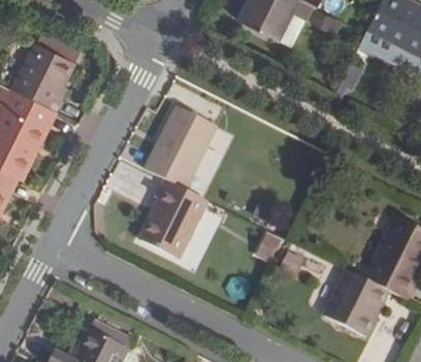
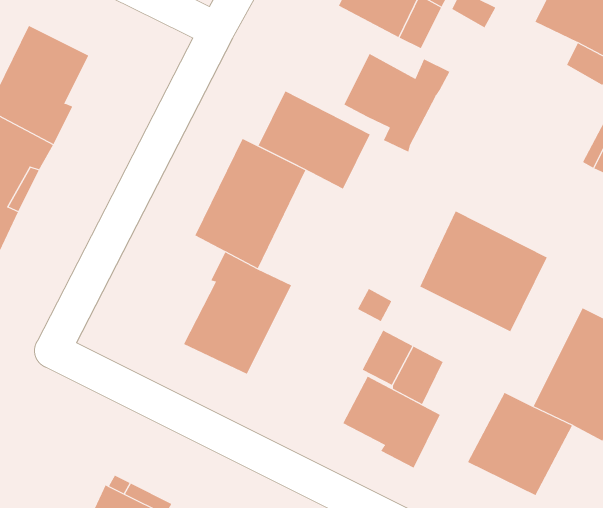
building: none -> [343,53,450,152]
building: none -> [258,90,370,189]
building: none -> [419,210,547,332]
building: none -> [343,376,441,468]

